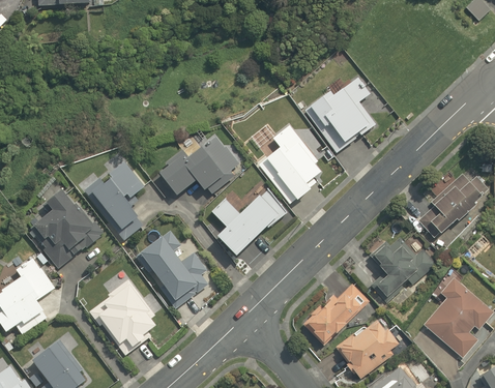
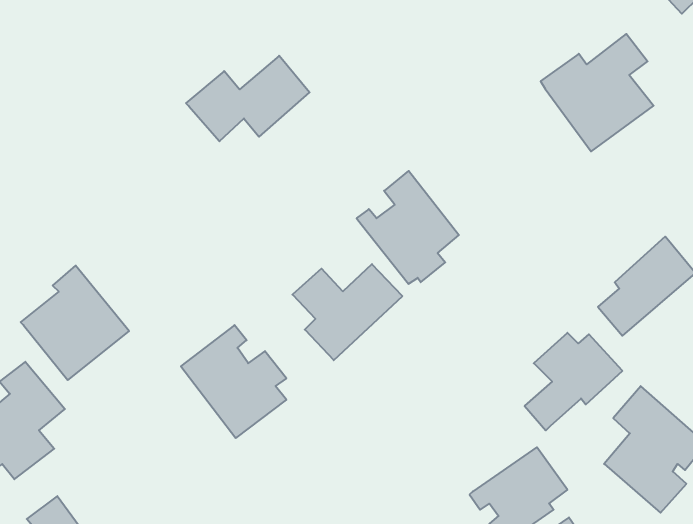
building: [301,73,378,153] -> [541,34,654,151]
building: [158,138,242,196] -> [186,56,310,141]
building: [84,156,149,240] -> none
building: [88,278,162,356] -> none
building: [301,281,369,344] -> none

